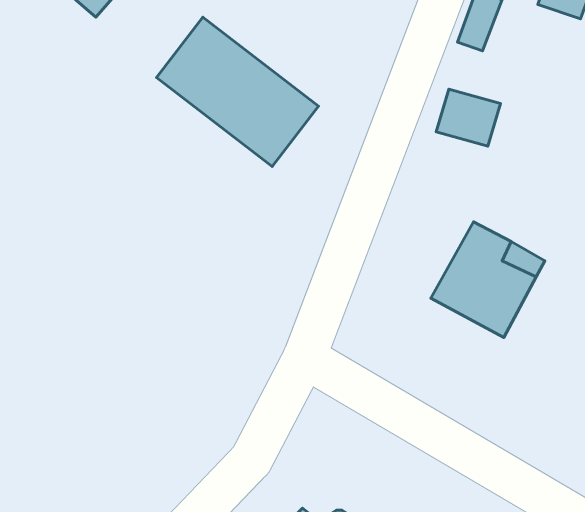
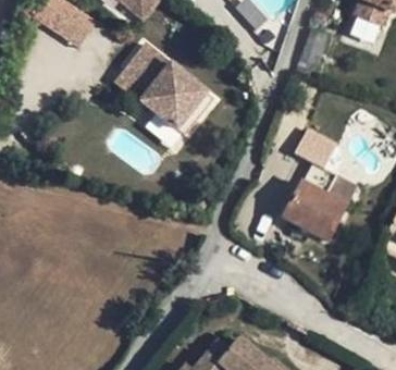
building: [436,89,500,146] -> [295,129,334,164]

